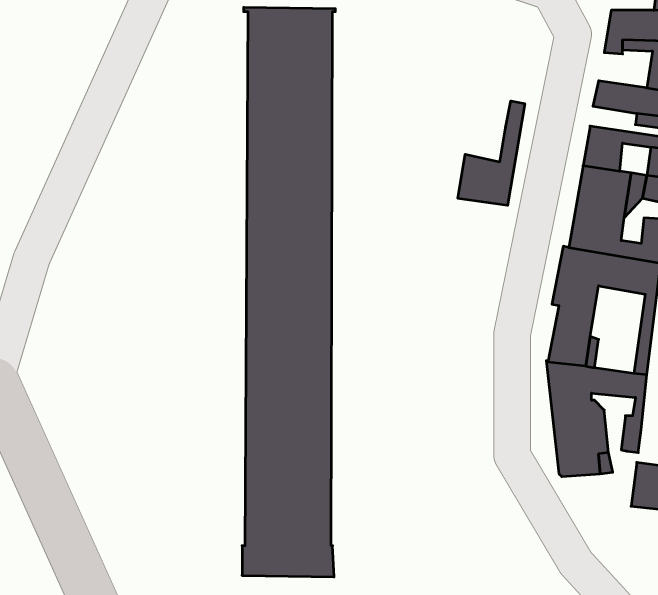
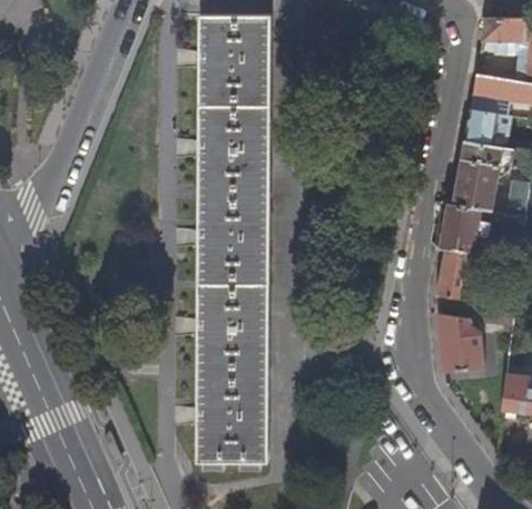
building: [458,101,525,205] -> none

